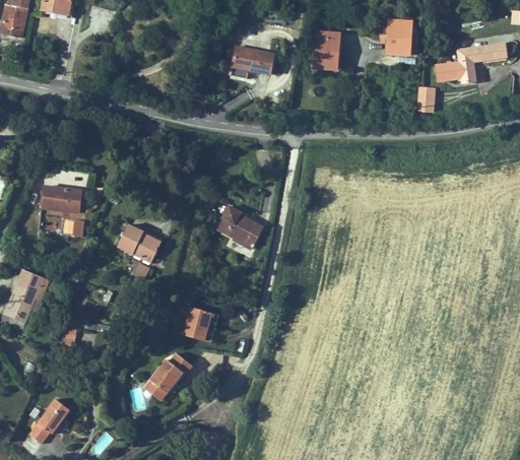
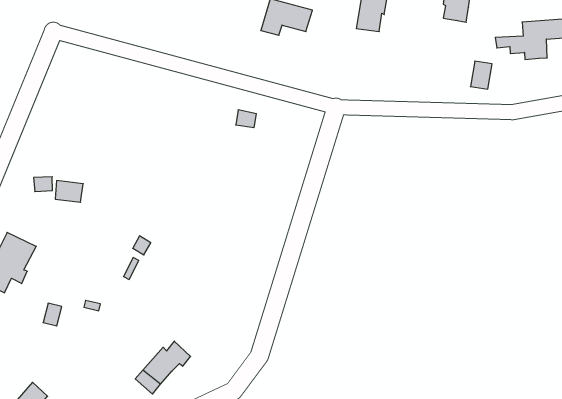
building: [41,186,81,212] -> none
building: [218,204,262,247] -> none
building: [117,223,160,261] -> none
building: [182,307,211,340] -> none

